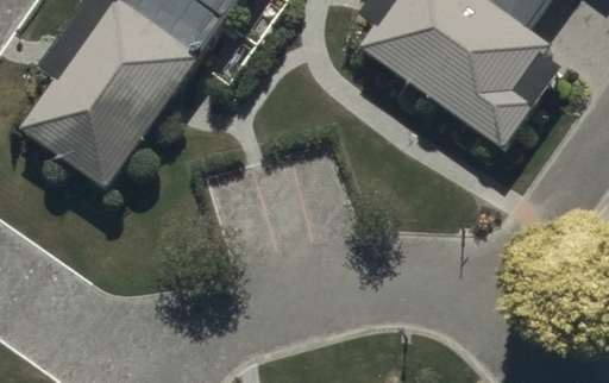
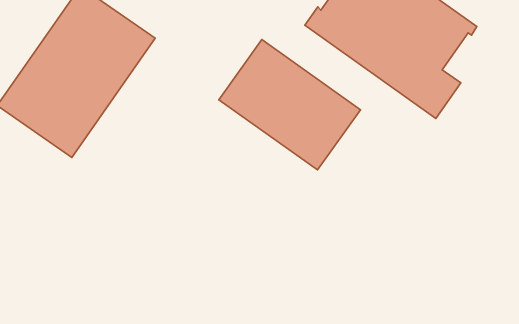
building: none -> [219,39,361,170]

